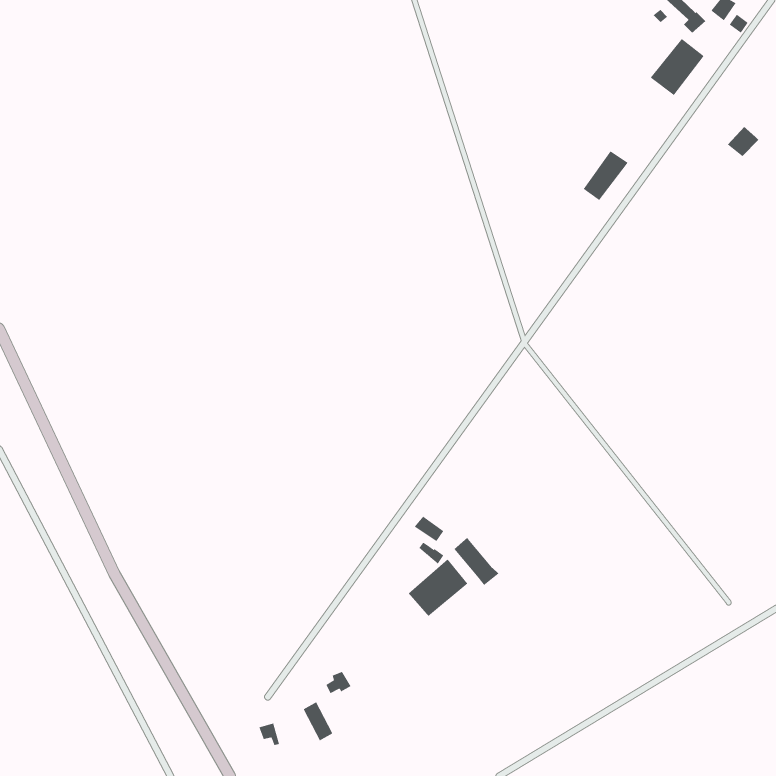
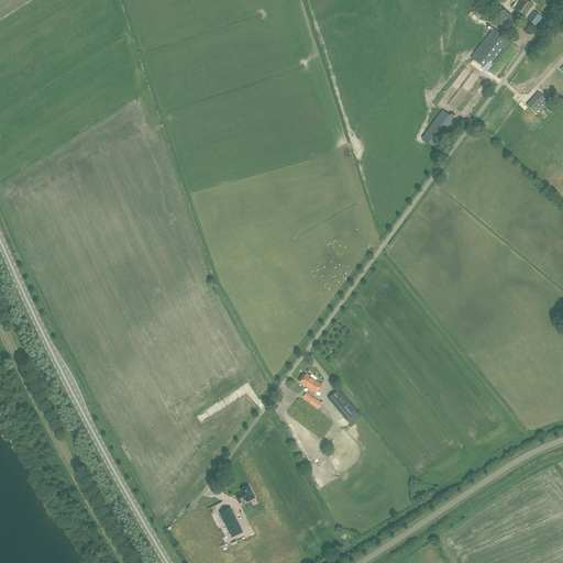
building: [408,559,468,617] -> none

